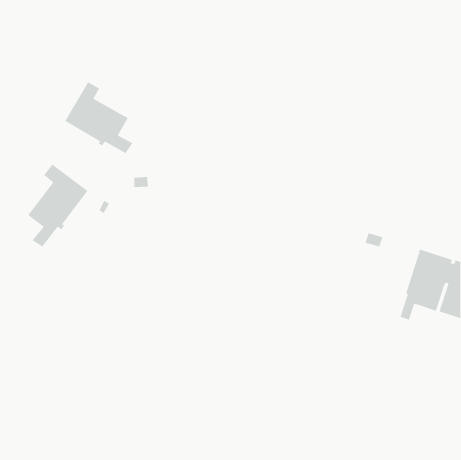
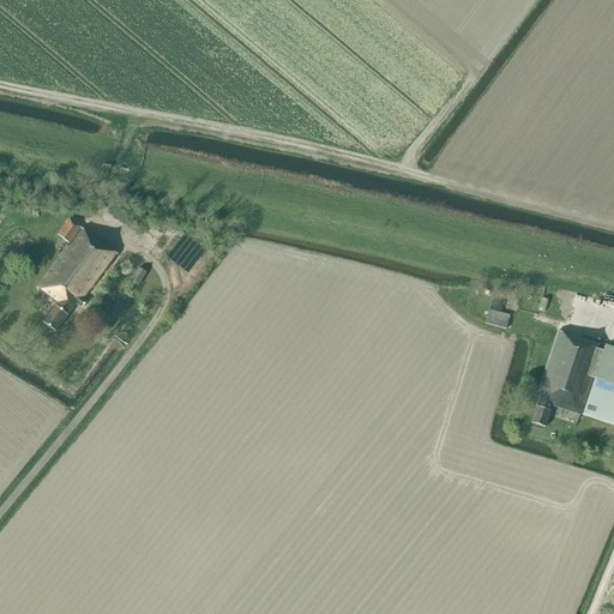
building: [64,81,133,154] -> none

